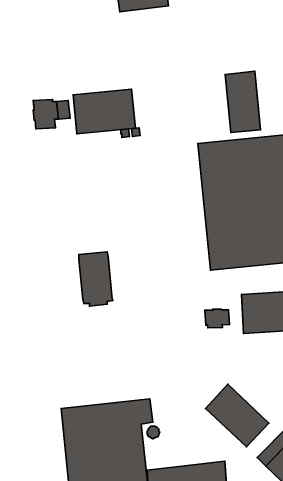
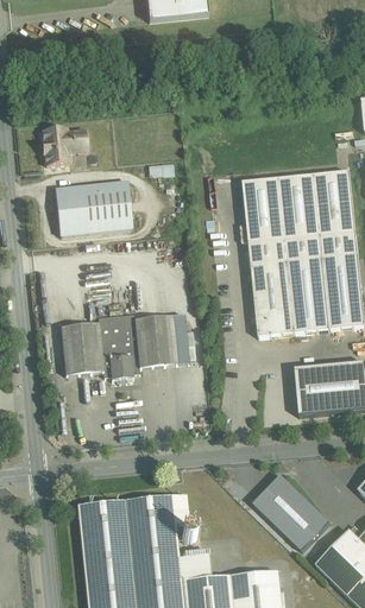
building: [225,71,261,133] -> none
building: [73,89,135,134] -> [55,180,131,235]
building: none -> [133,314,188,368]
building: none -> [59,323,102,375]
building: [205,309,230,328] -> none

